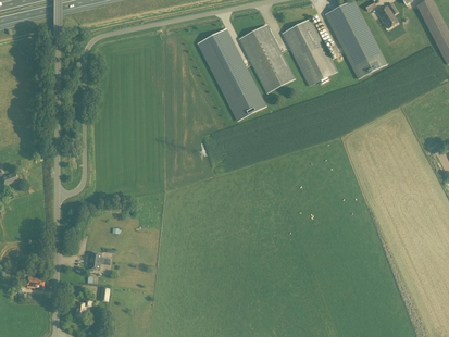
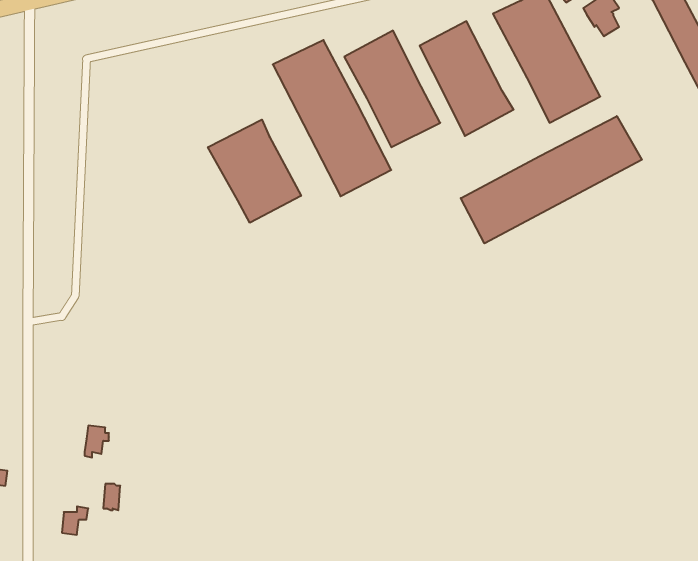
building: none -> [461,116,642,243]
building: none -> [208,120,301,223]

